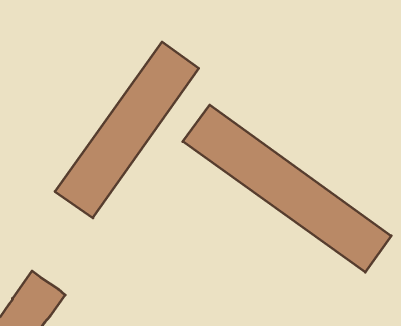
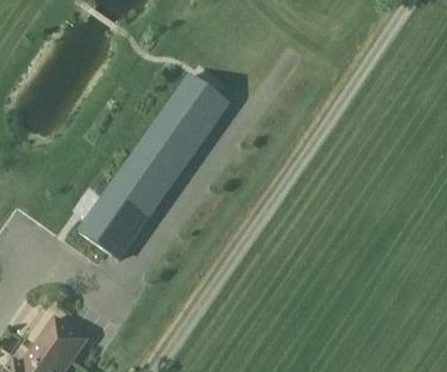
building: [183,105,391,272] -> none

